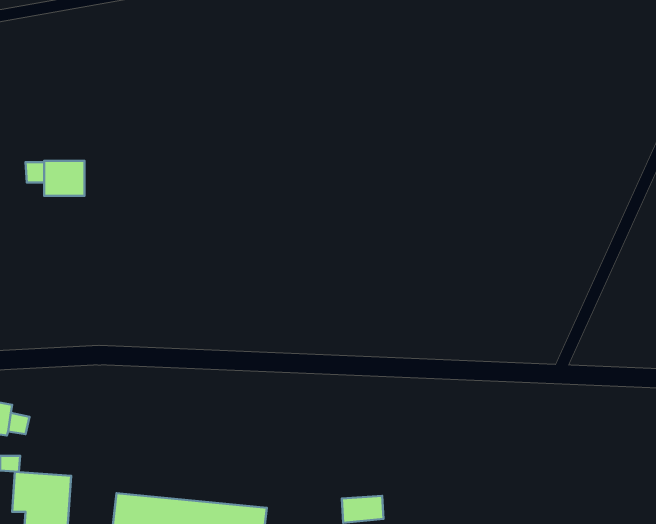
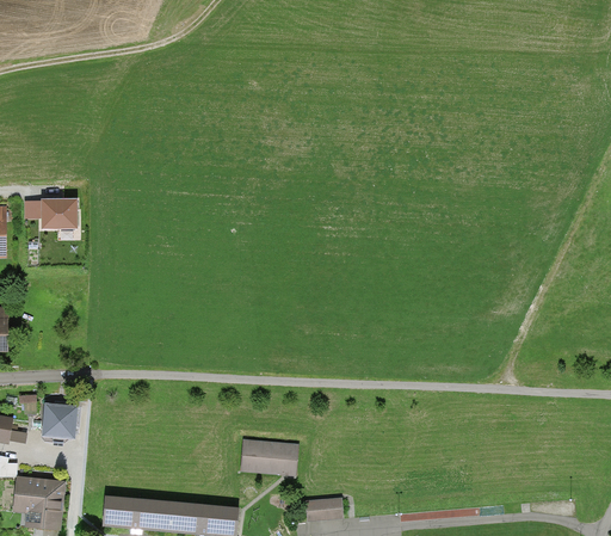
building: none -> [41,402,78,439]
building: none -> [240,438,298,475]

